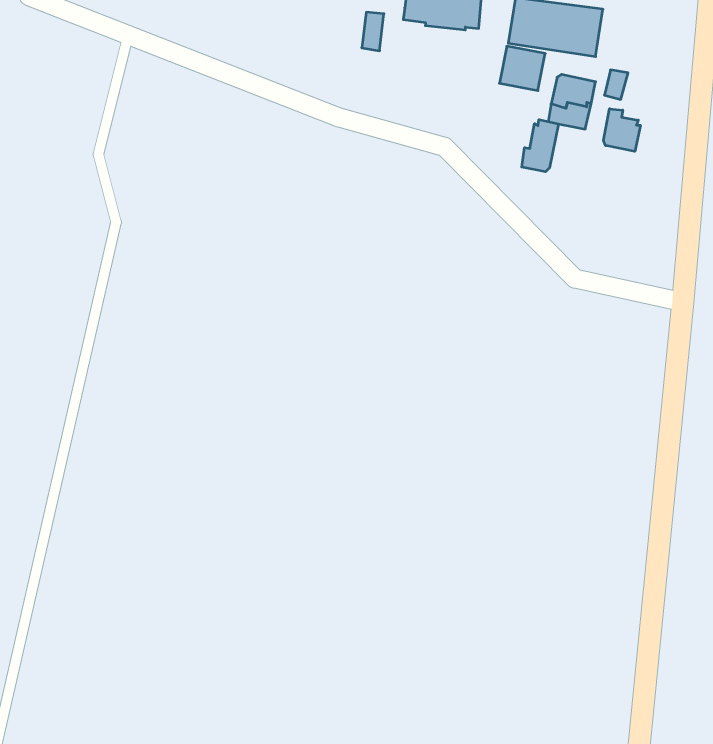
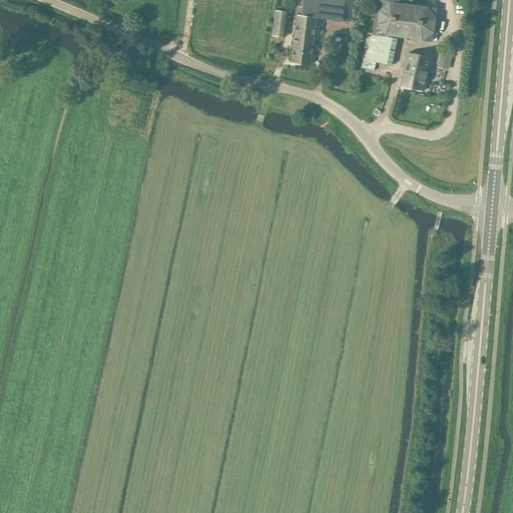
building: none -> [293,15,317,64]
building: [603,109,640,151] -> none
building: [522,120,558,172] -> none

